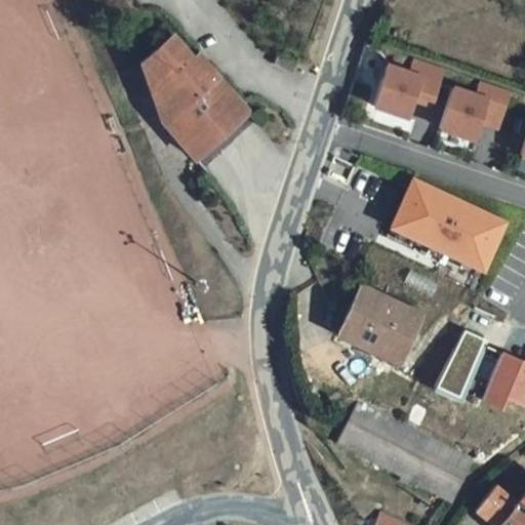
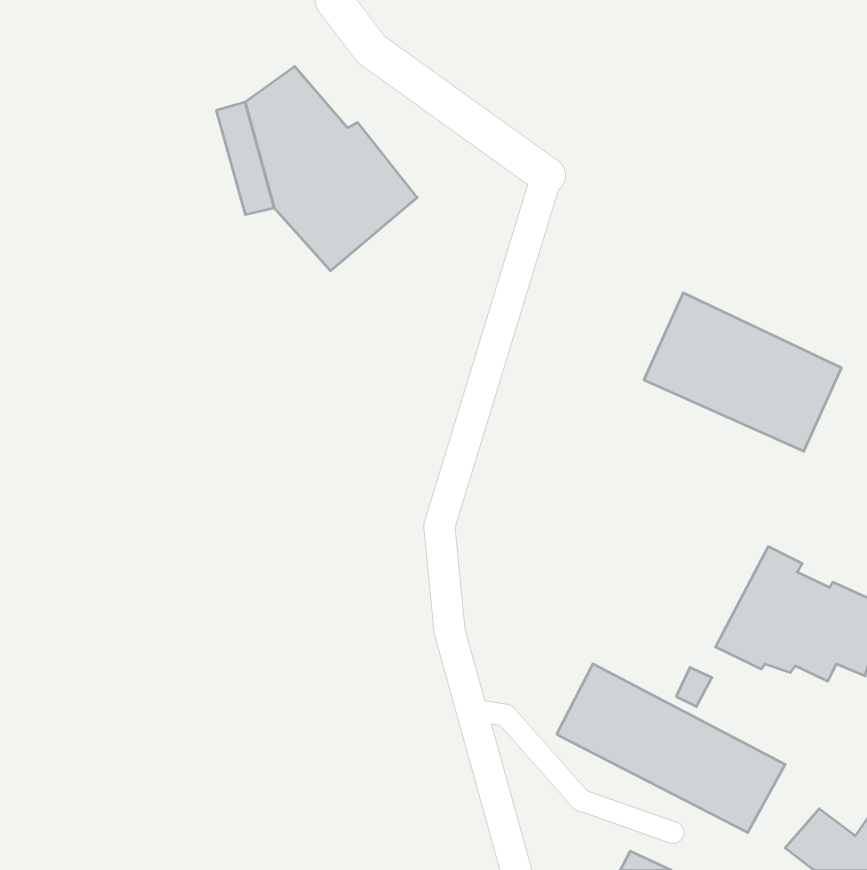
building: [373,57,446,119] -> none
building: [439,80,514,143] -> none
building: [339,286,421,368] -> none

